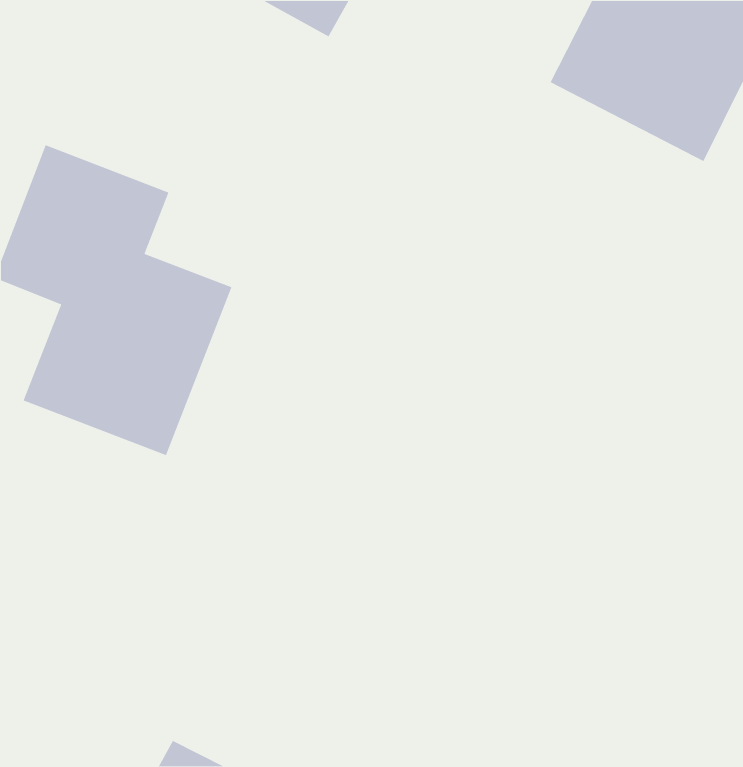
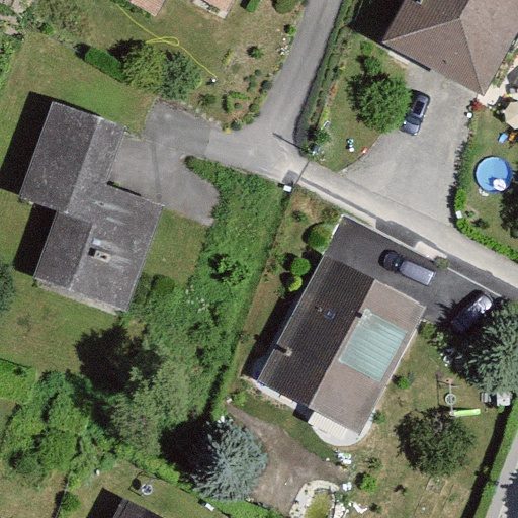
building: none -> [253,252,420,432]

